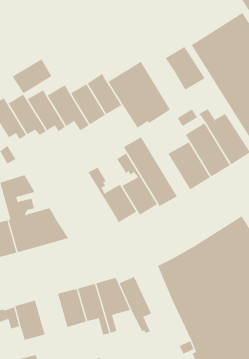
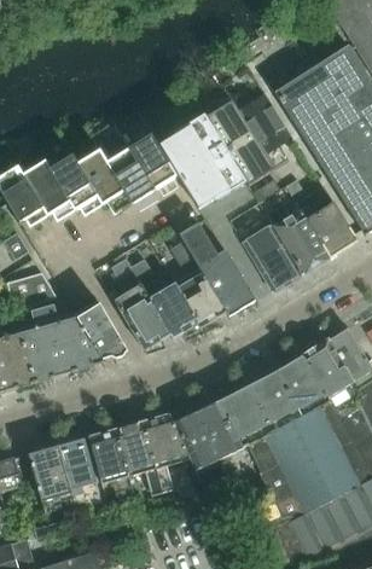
building: none -> [205,99,274,184]
building: [12,58,52,94] -> none
building: none -> [110,259,170,349]
building: none -> [77,302,128,358]
building: none -> [194,397,246,486]
building: none -> [57,437,89,487]

